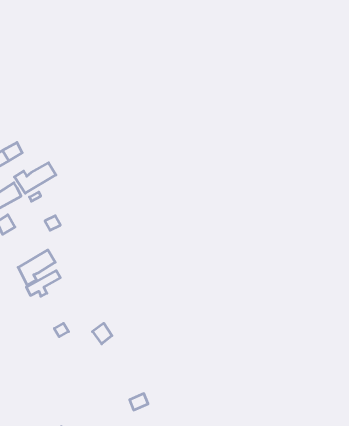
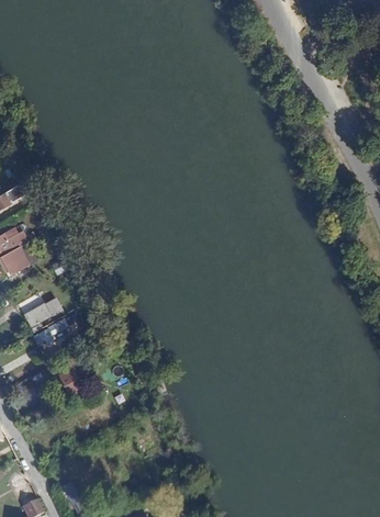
building: [14,163,56,193] -> none

